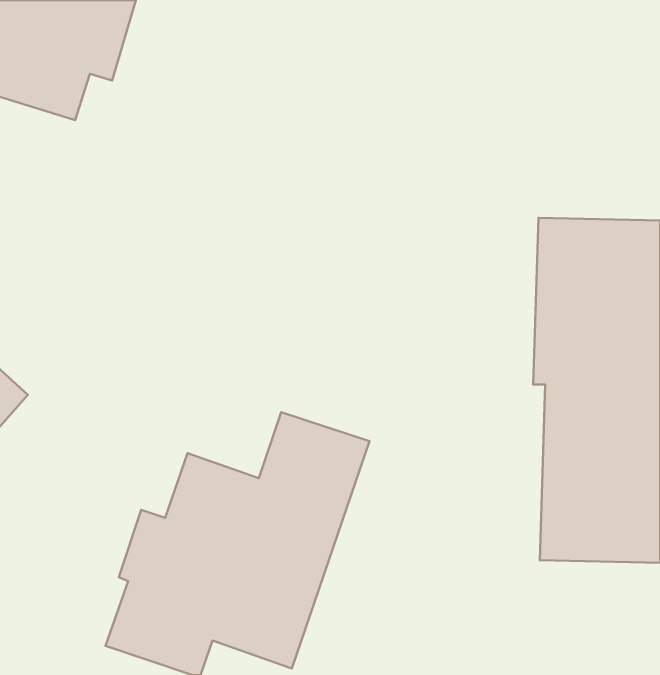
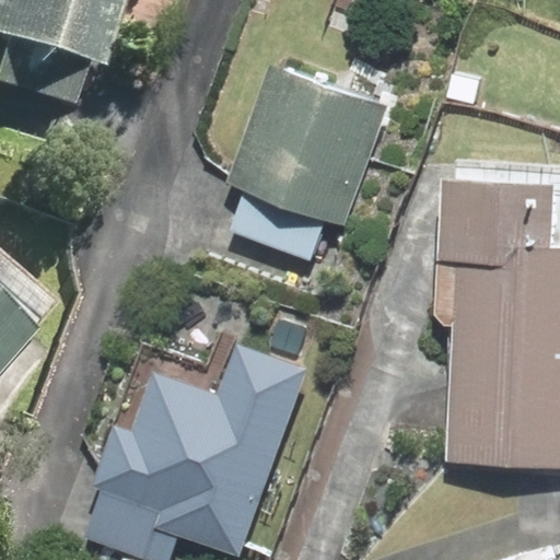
building: none -> [225,55,393,269]

